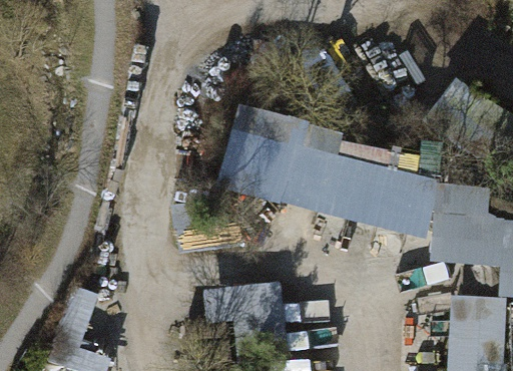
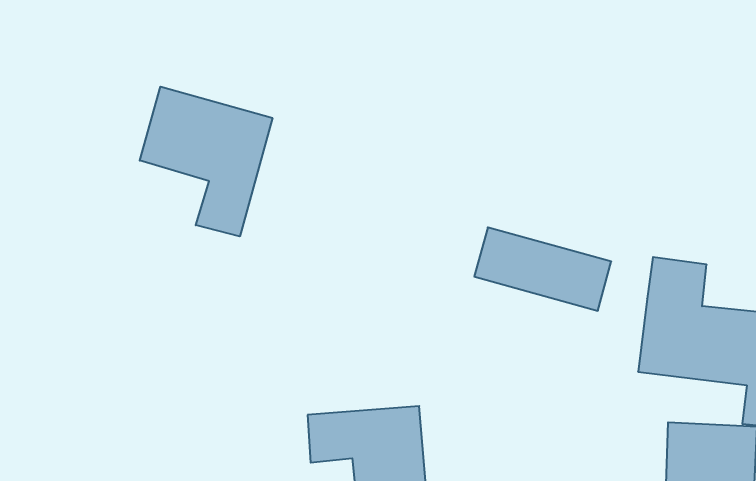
building: none -> [140,87,272,236]
building: [218,101,296,212] -> none

